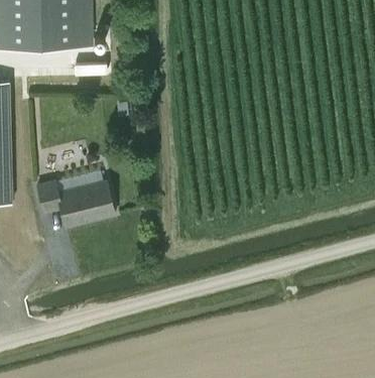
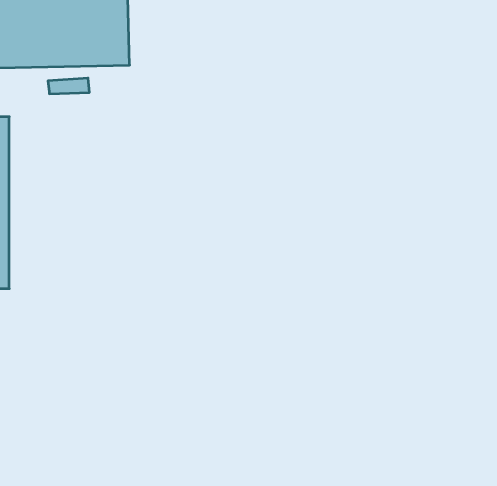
building: [34,180,114,229] -> none

